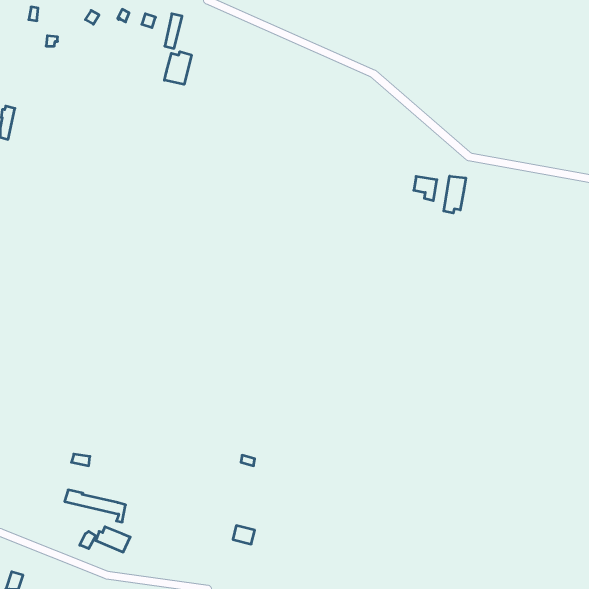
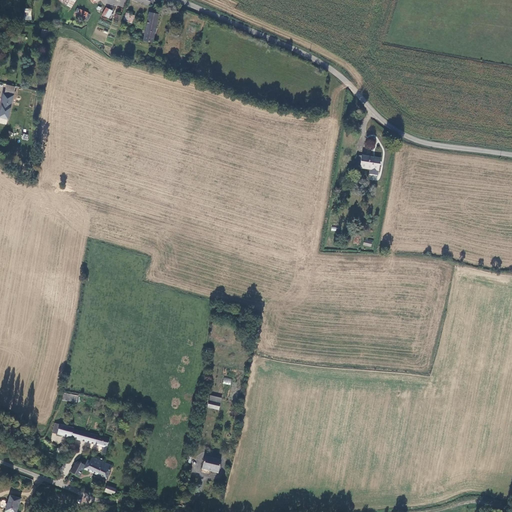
building: [164,52,191,84] -> none
building: [444,176,466,213] -> none

